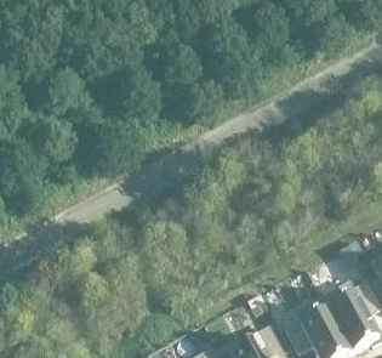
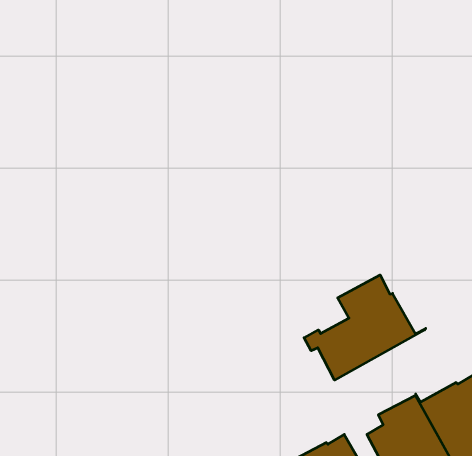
building: none -> [304,275,426,380]

